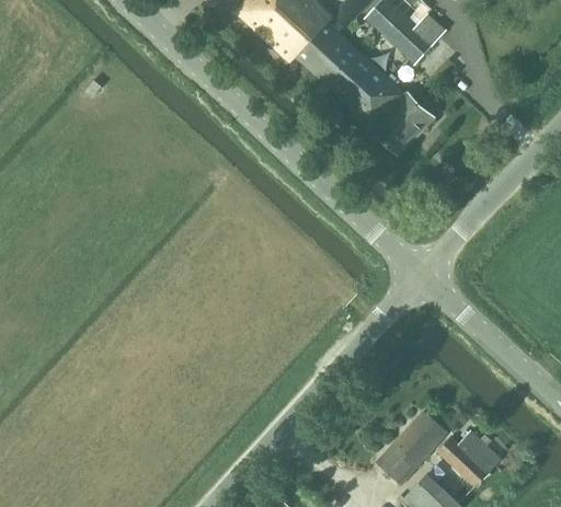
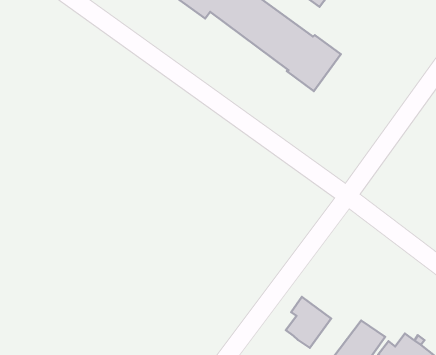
building: none -> [286,297,331,348]

